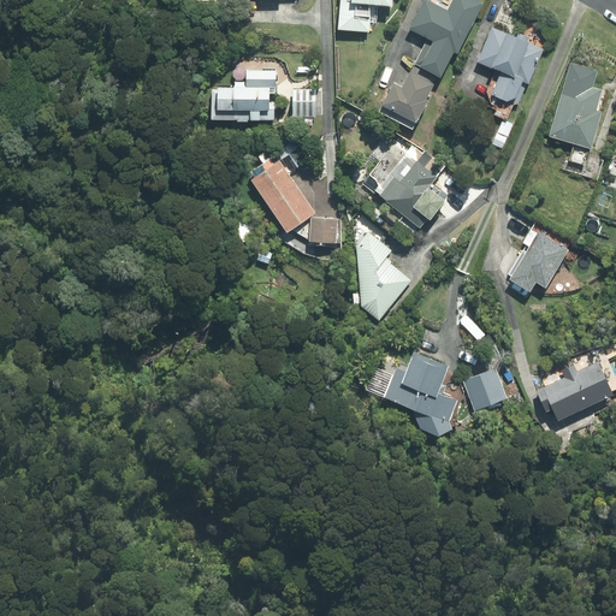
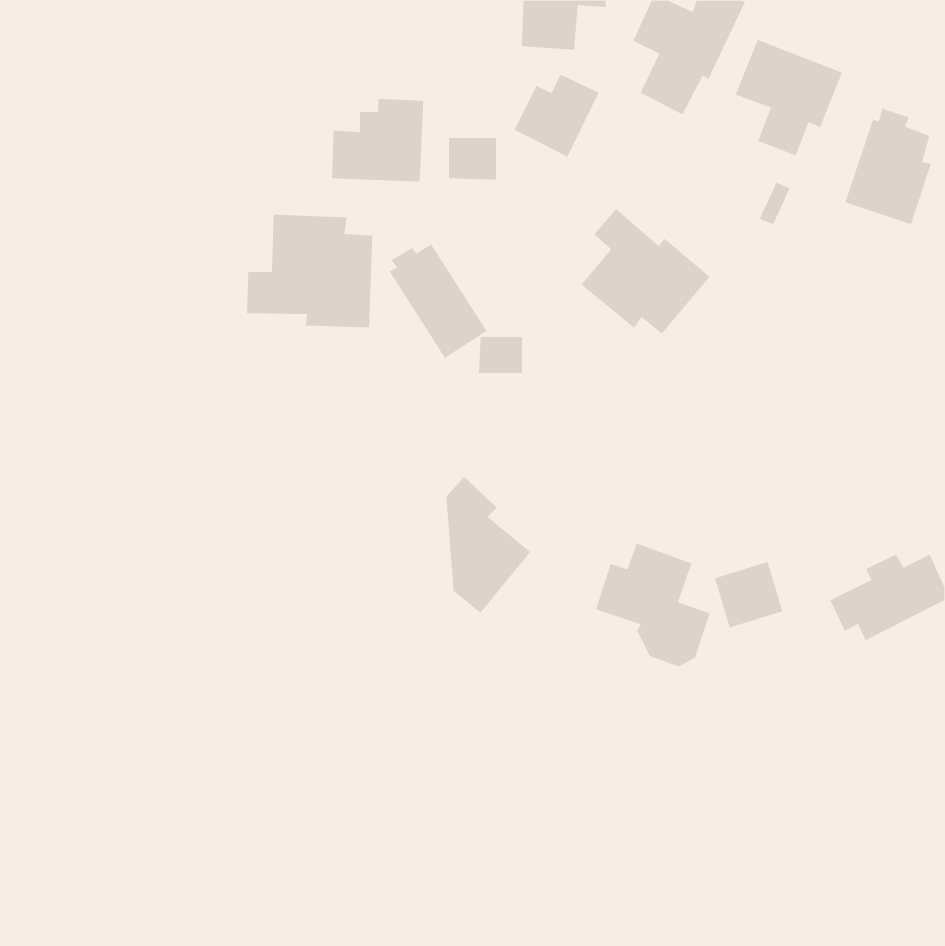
building: [381,72,437,126] -> [514,74,599,158]
building: none -> [247,214,373,328]
building: [502,226,569,300] -> none
building: [355,232,410,321] -> [445,476,531,614]

